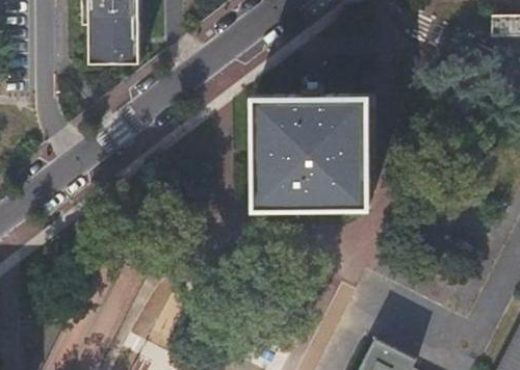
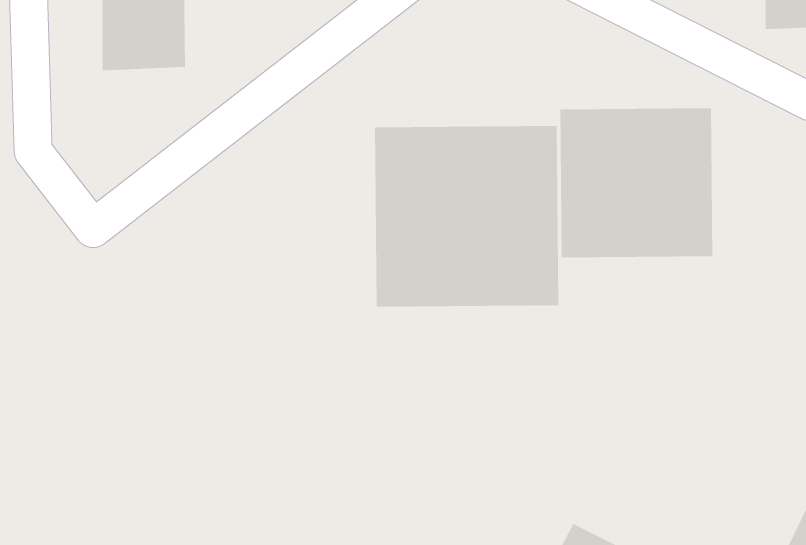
building: none -> [560,108,713,258]

